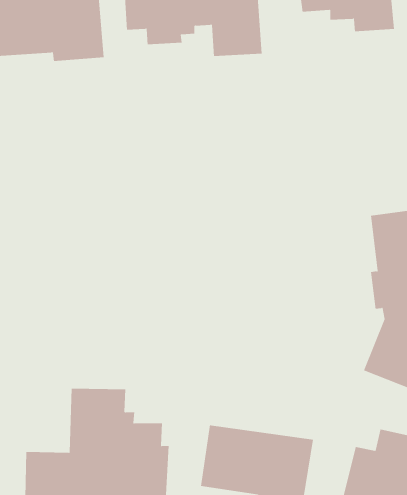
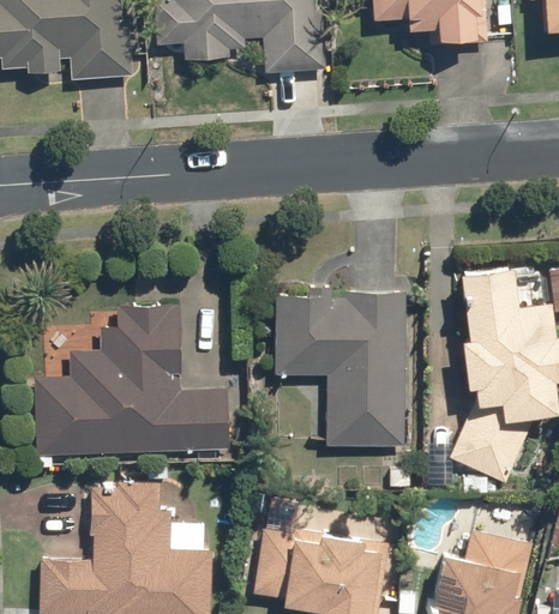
building: none -> [274,287,407,446]
building: none -> [31,302,230,456]

